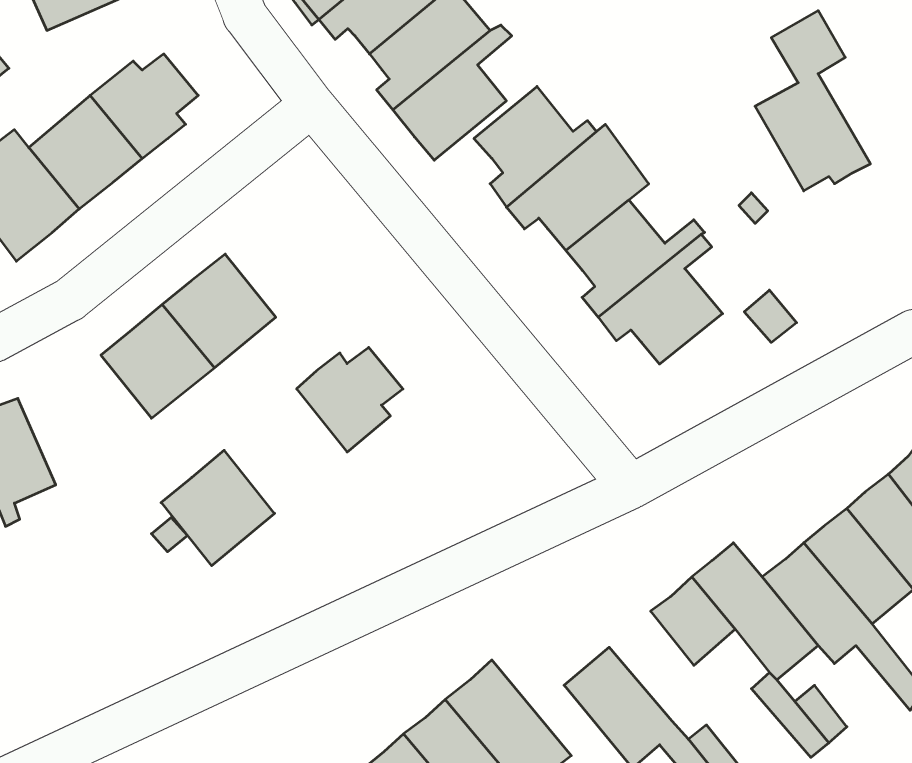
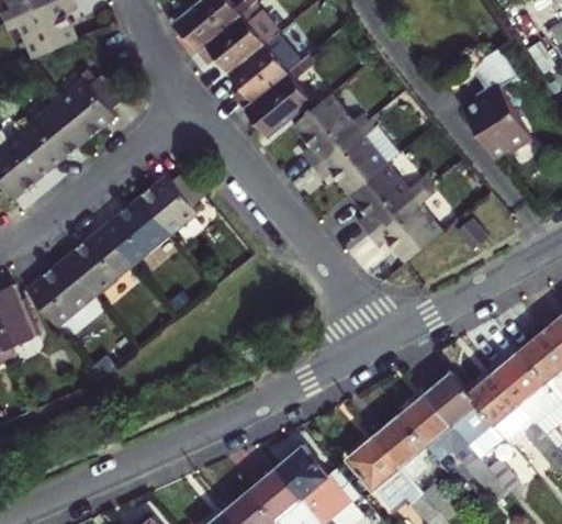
building: [297,347,403,452] -> [140,170,205,234]
building: [161,450,275,566] -> [26,257,95,327]
building: none -> [374,413,428,480]

